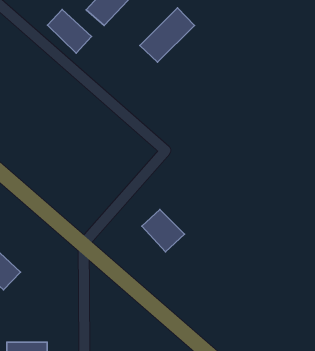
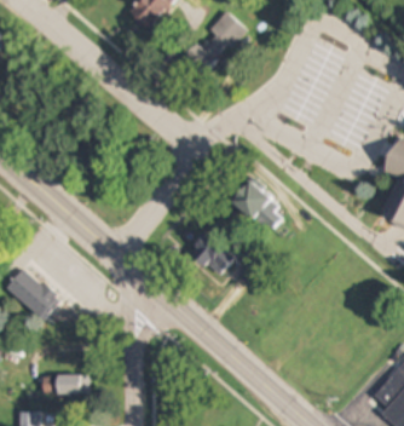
building: [48,10,92,53] -> none
building: none -> [230,178,285,234]

